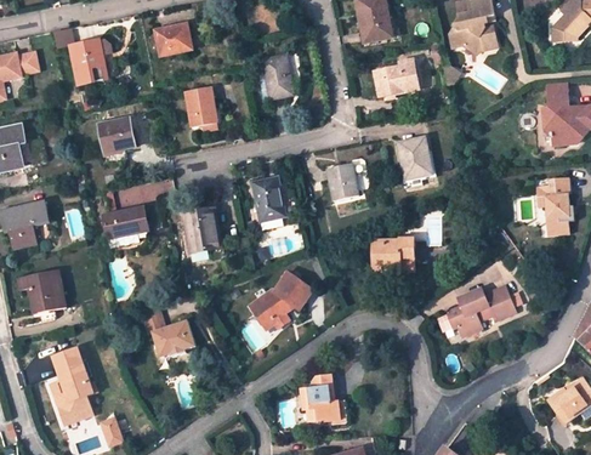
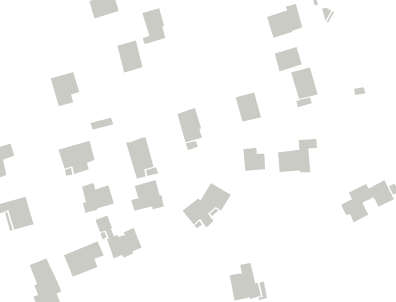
building: [73,40,103,84] -> none
building: [260,55,290,99] -> [142,7,166,45]
building: none -> [274,46,302,72]
building: none -> [243,147,266,171]
building: none -> [81,182,115,214]
building: none -> [131,179,165,211]
building: none -> [63,241,104,277]

